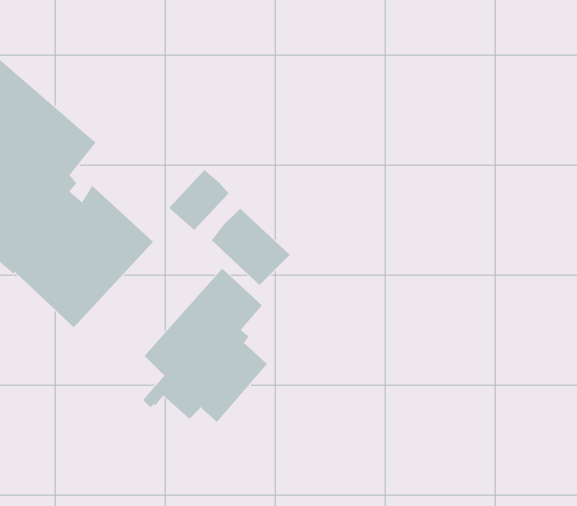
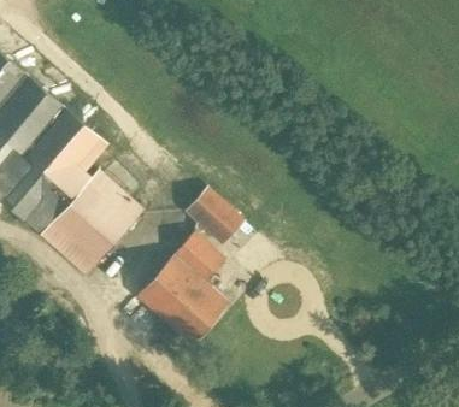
building: [168,169,230,231] -> none

